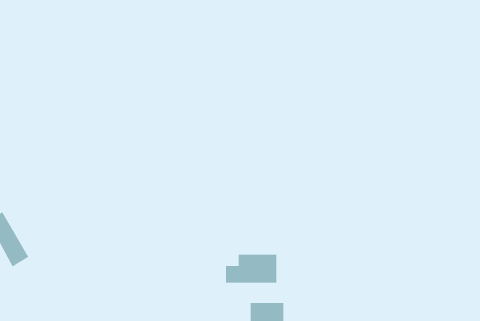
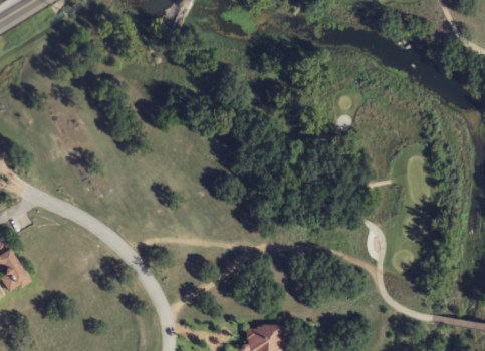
building: [225,254,277,283] -> none

